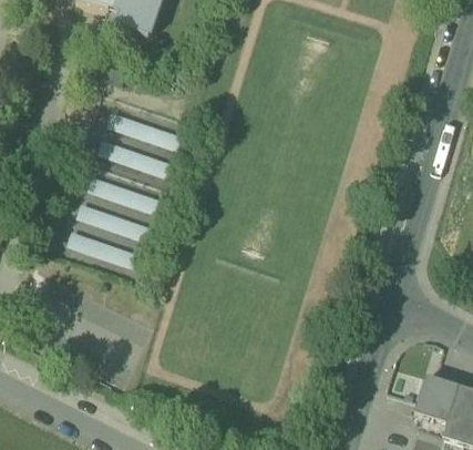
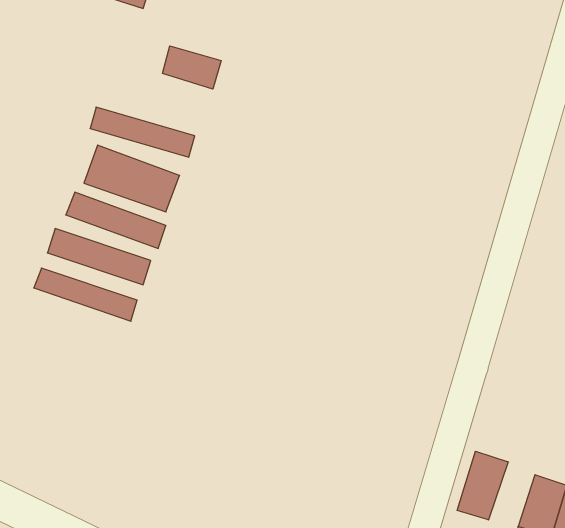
building: none -> [162,46,221,89]
building: none -> [457,451,508,520]

